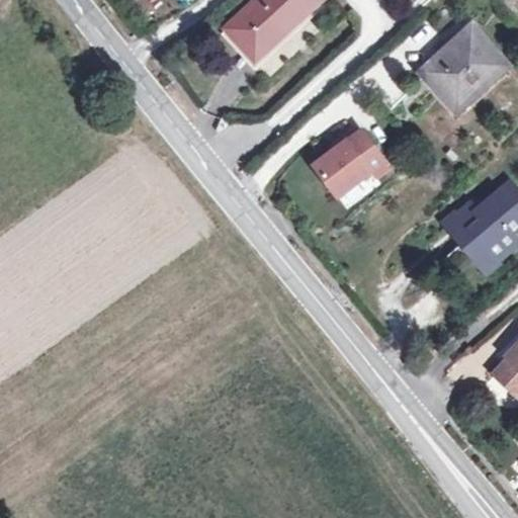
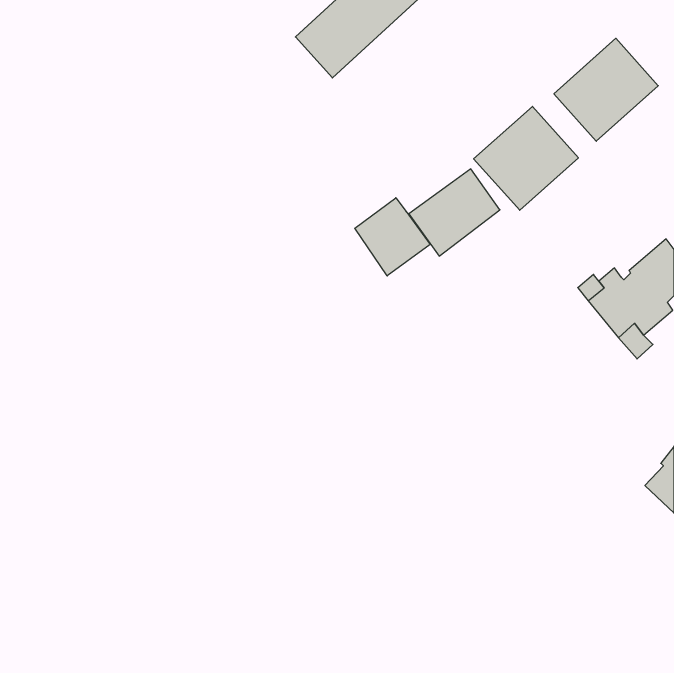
building: none -> [474,106,578,210]
building: none -> [355,198,430,276]

